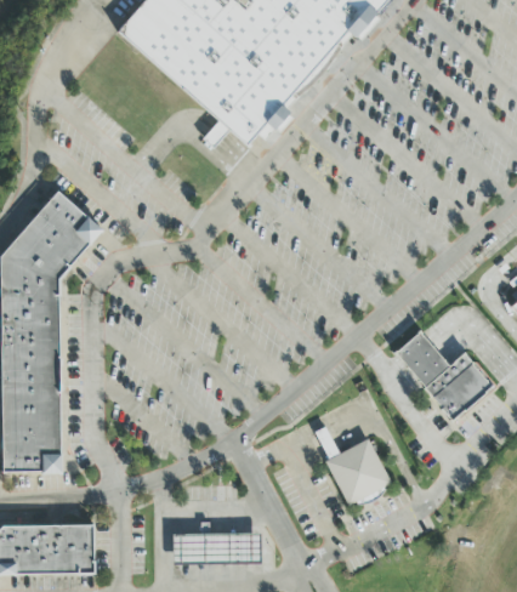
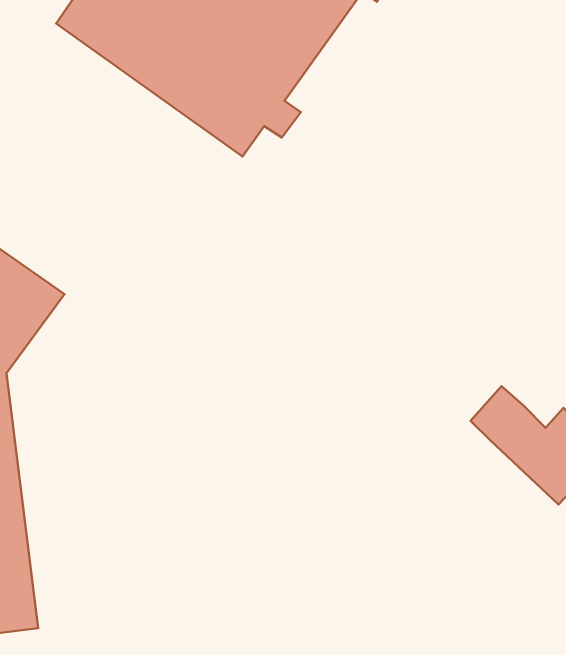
building: [324,436,392,505] -> none

